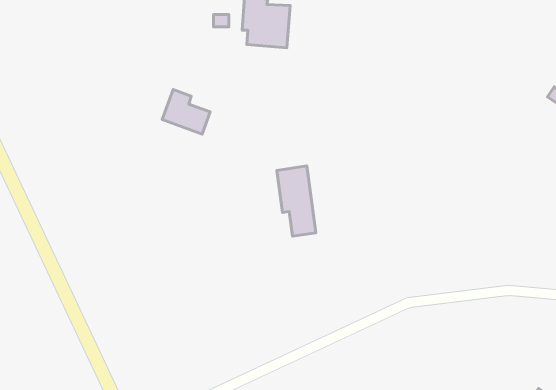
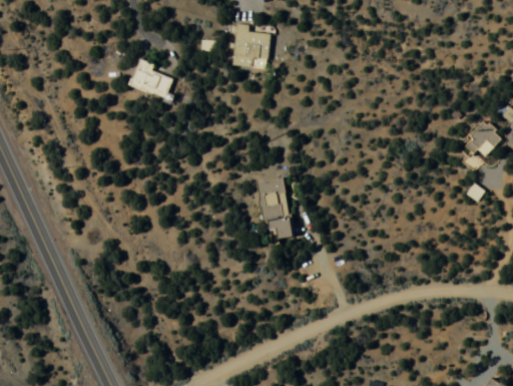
building: [162,90,210,134] -> [128,58,171,98]
building: none -> [465,121,502,157]

